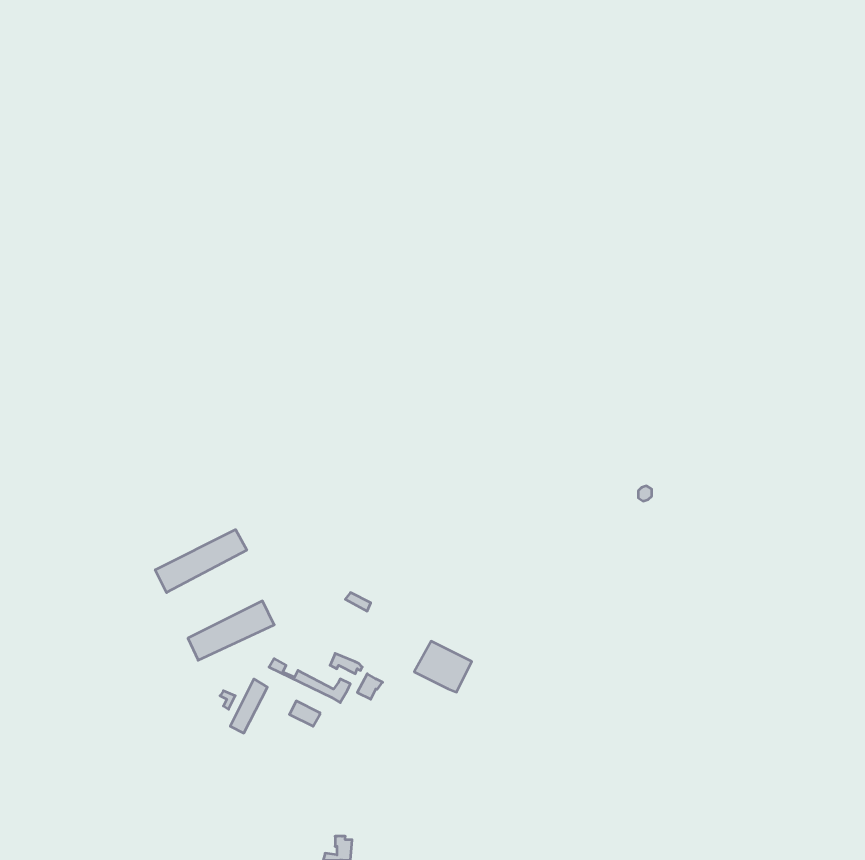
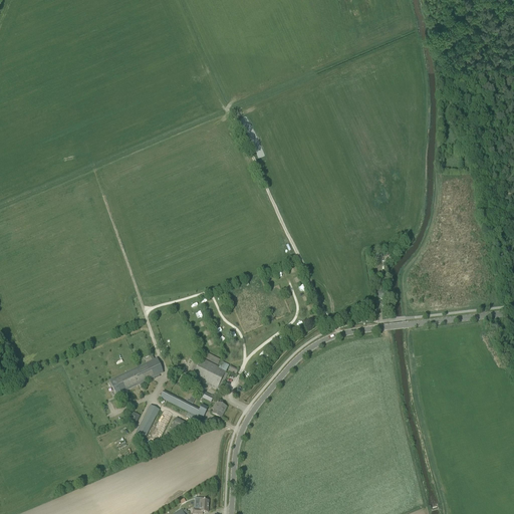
building: [155,530,247,593] -> none
building: [414,641,472,692] -> [192,356,226,387]

